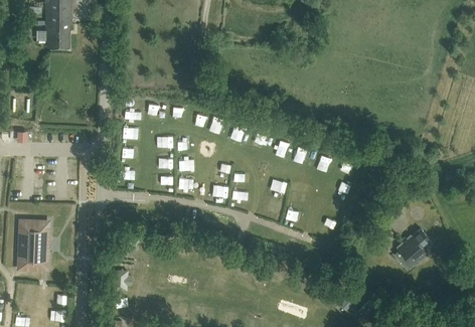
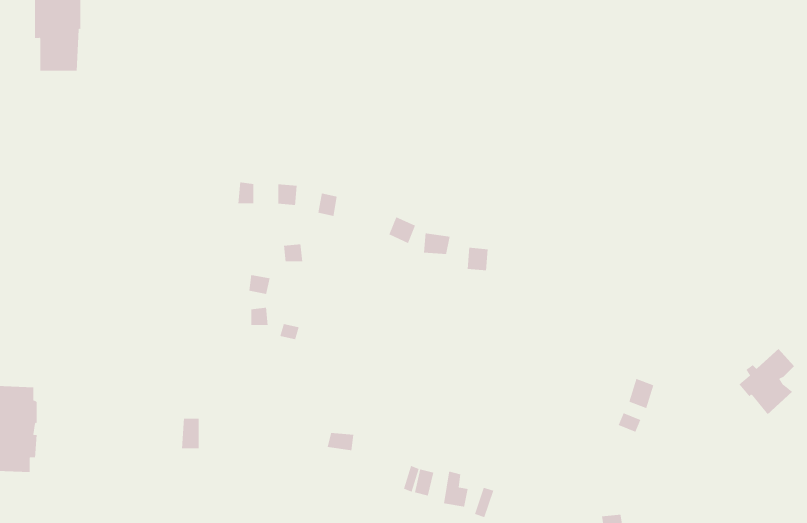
building: [398,229,429,267] -> [738,348,795,415]

